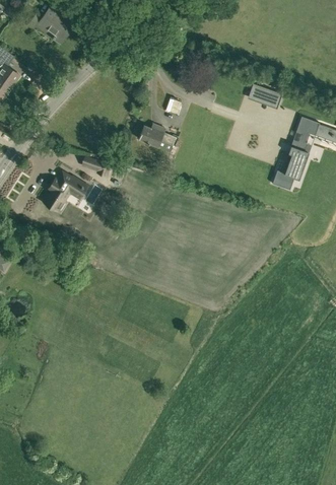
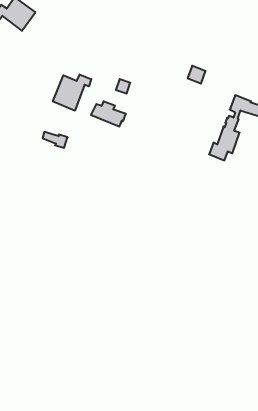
building: none -> [53,74,91,111]
building: [44,171,87,211] -> none

